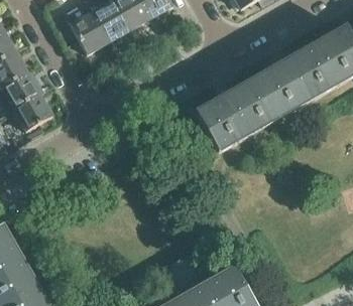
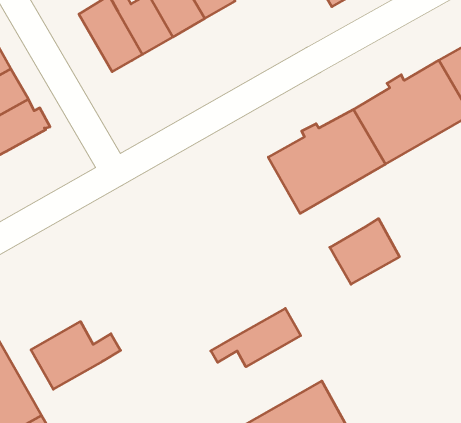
building: [14,93,53,129] -> none
building: none -> [330,219,399,284]
building: none -> [211,308,301,367]
building: none -> [31,322,121,389]

